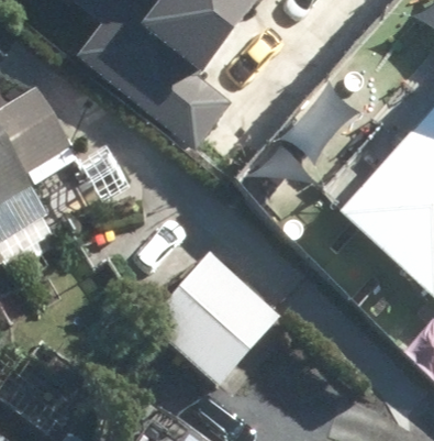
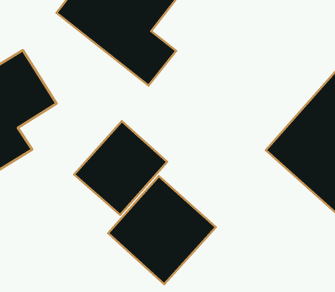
building: none -> [74,121,167,215]

